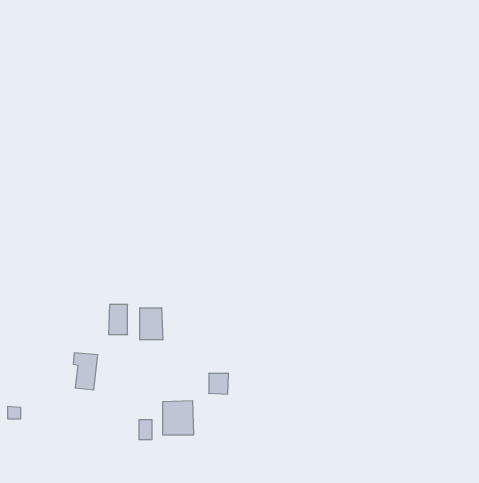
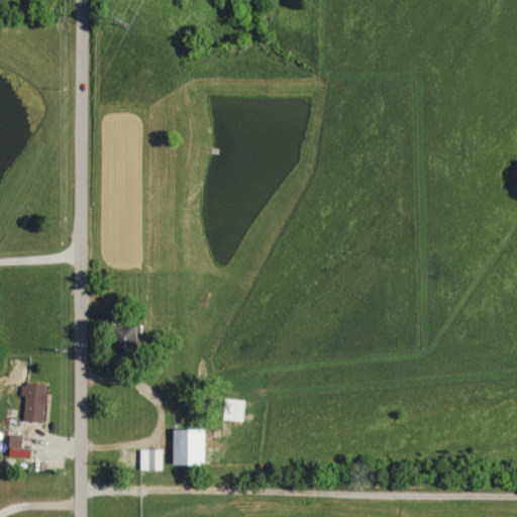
building: [140,308,163,340] -> none
building: [73,353,98,390] -> [20,383,46,422]

